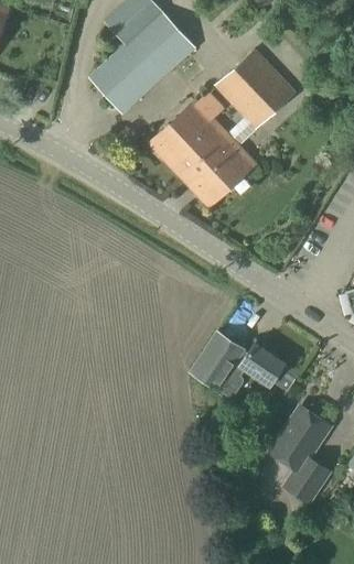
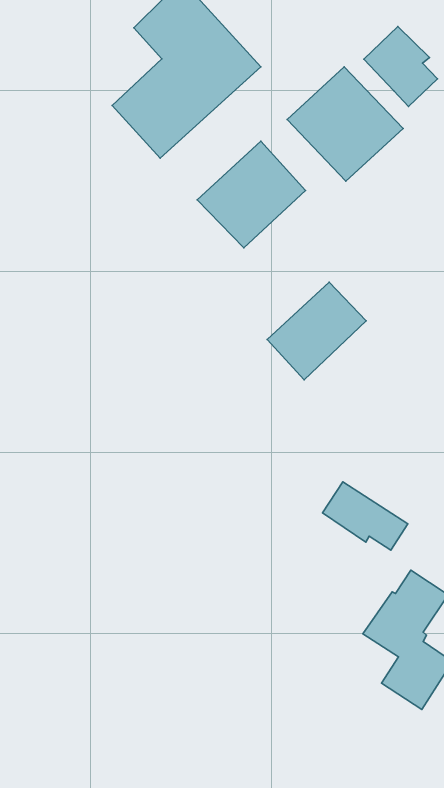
building: none -> [364,27,438,107]
building: [183,137,254,206] -> [267,282,366,380]
building: [191,337,239,394] -> none

